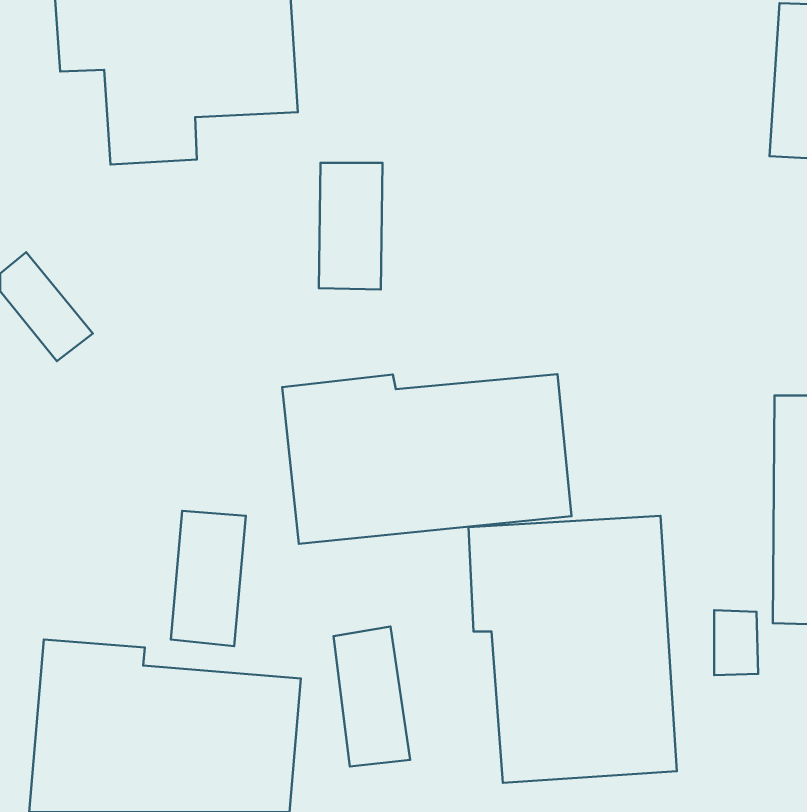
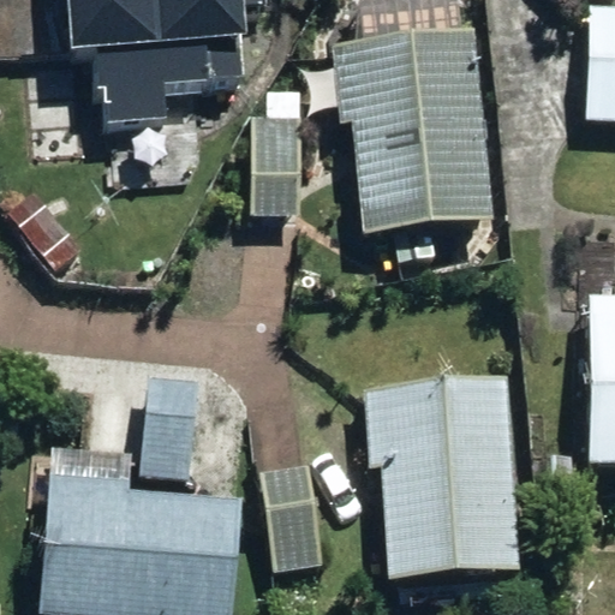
building: none -> [332,29,494,231]
building: [282,374,571,544] -> none

